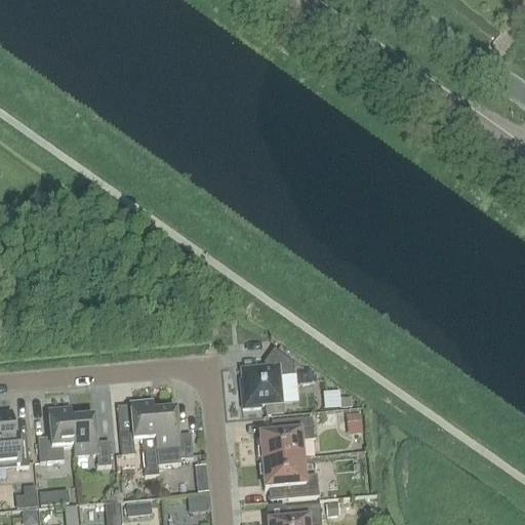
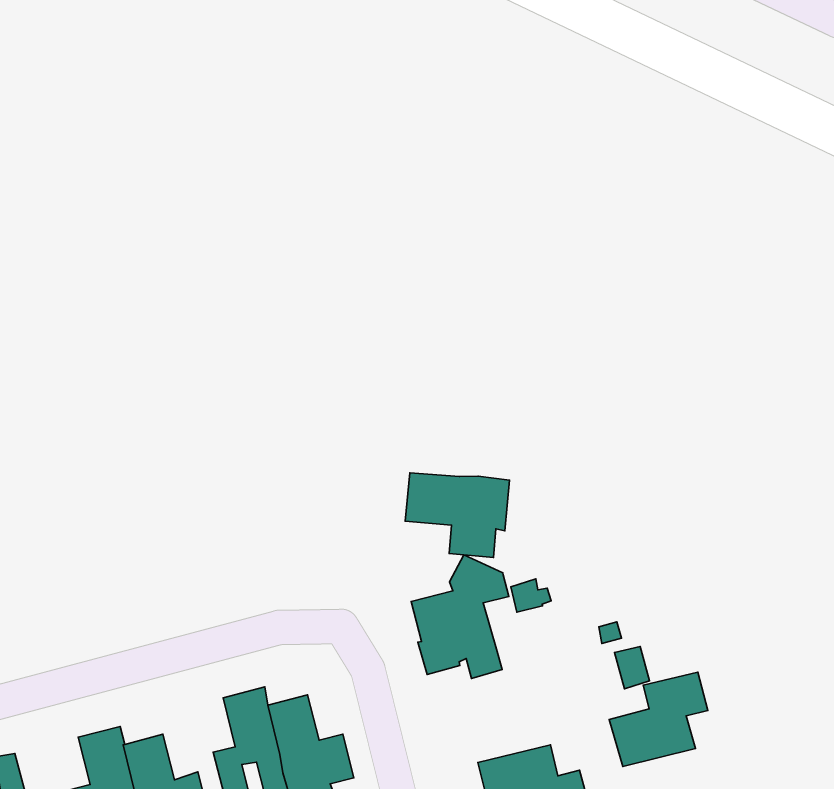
building: none -> [405,473,509,557]
building: [258,415,313,459] -> [609,672,708,766]

